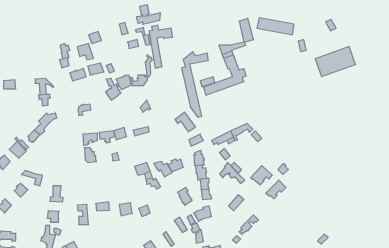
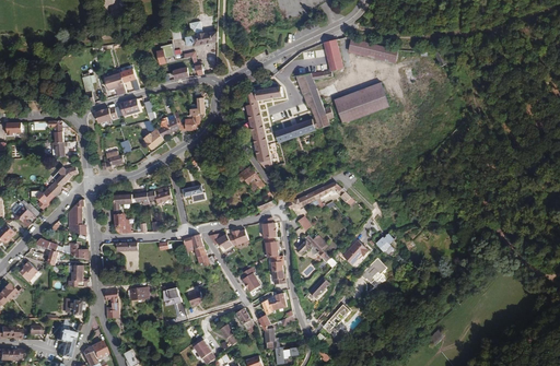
building: [149,25,173,68] -> none
building: [315,47,356,77] -> [335,82,389,122]
building: none -> [65,199,88,240]

